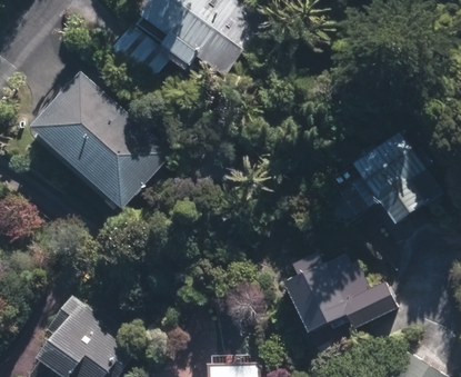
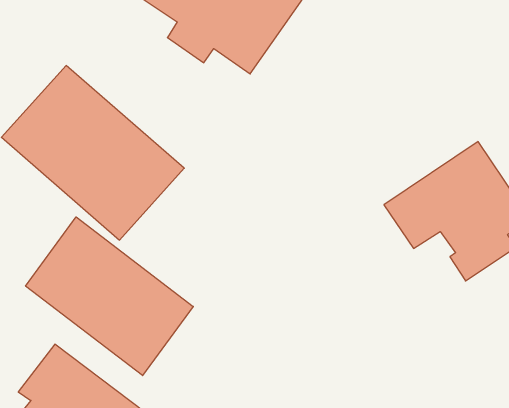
building: none -> [26,217,193,376]
building: [282,250,398,331] -> none

